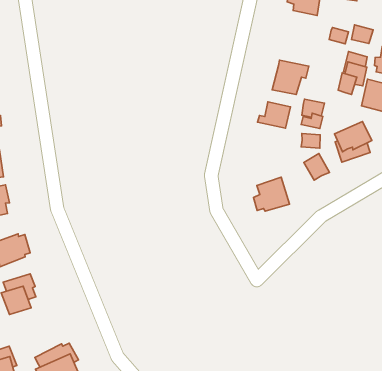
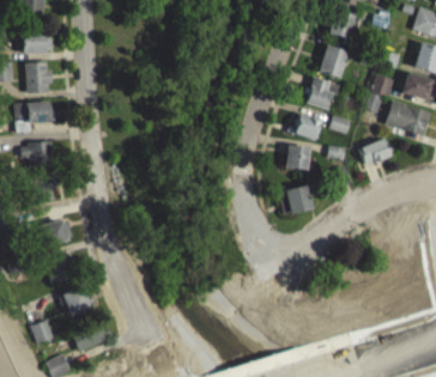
building: none -> [320,43,349,77]
building: none -> [285,144,310,170]
building: none -> [60,286,95,315]

